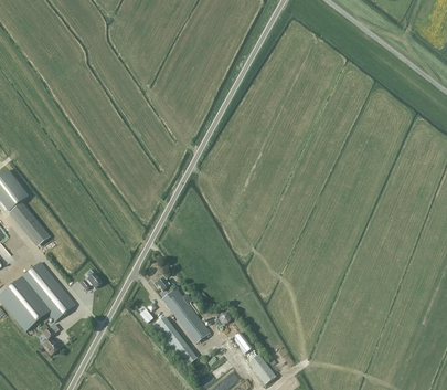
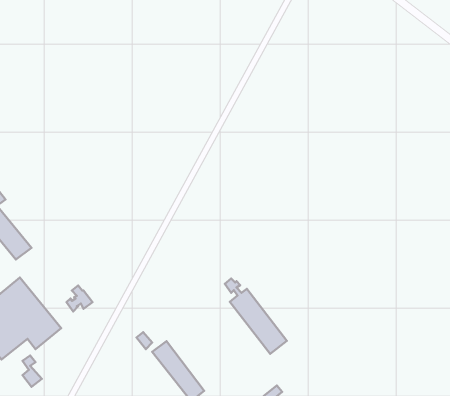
building: [158,278,211,342] -> [225,279,287,354]

